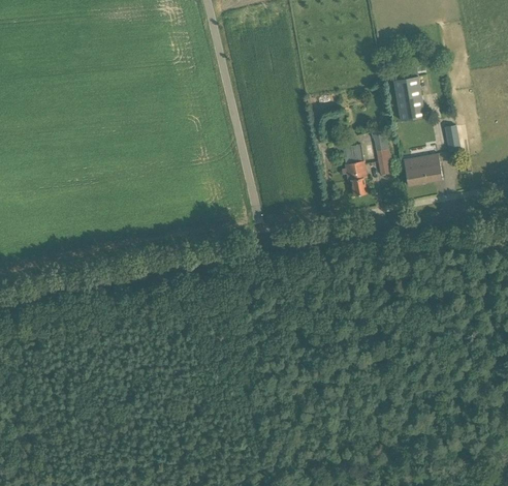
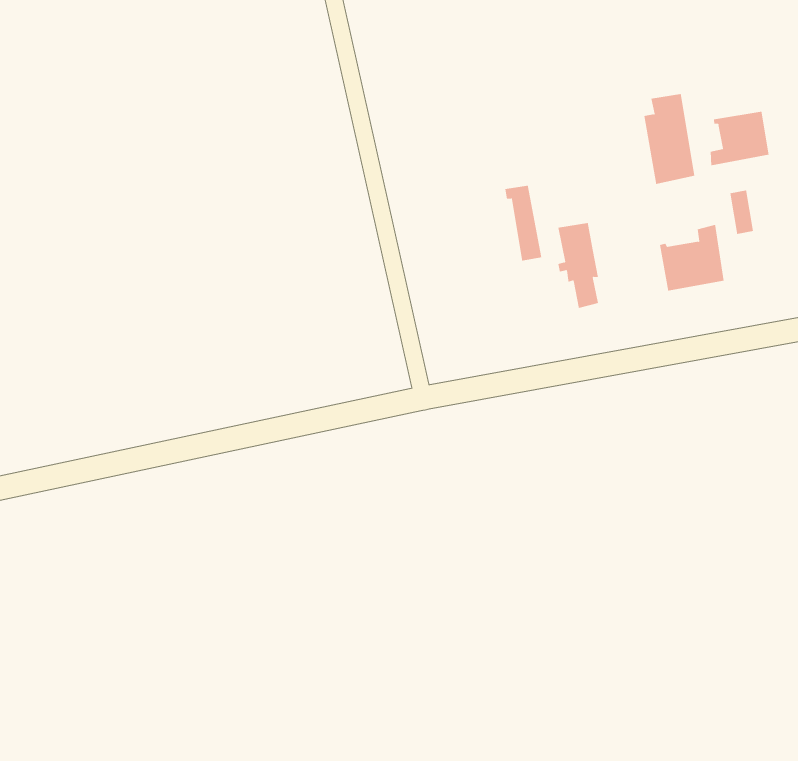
building: none -> [710,111,769,166]
building: [370,128,392,174] -> [504,185,542,261]

